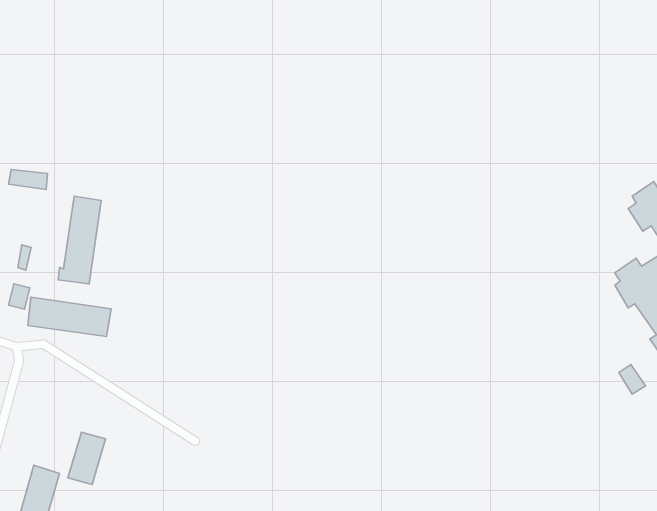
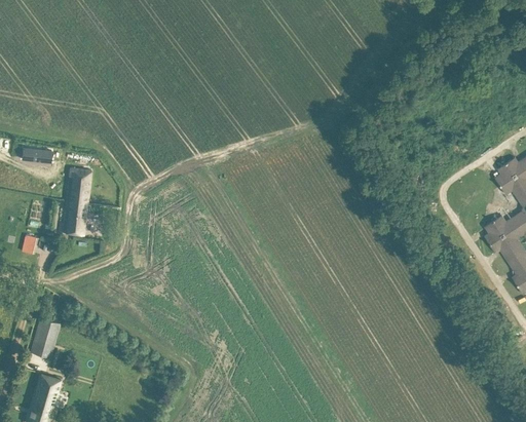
building: [28,297,111,337] -> none
building: [68,432,106,485] -> [31,317,60,357]

